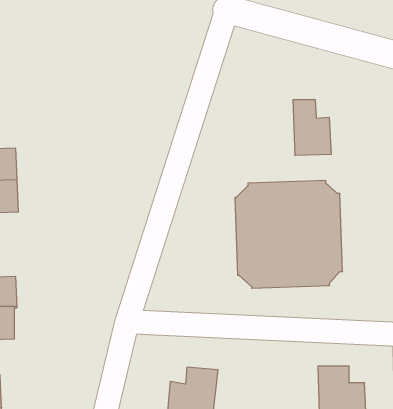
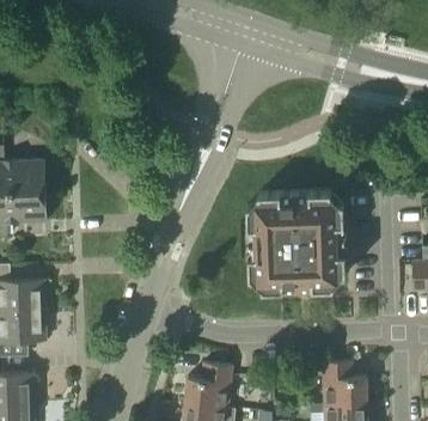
building: [293,100,331,156] -> none

